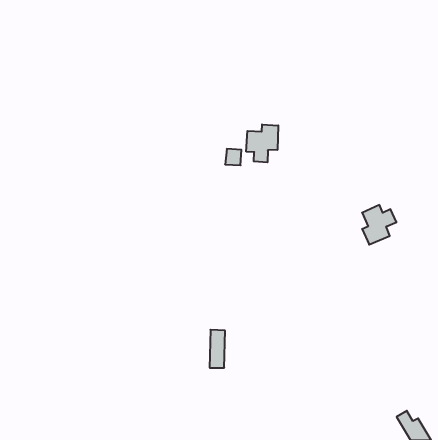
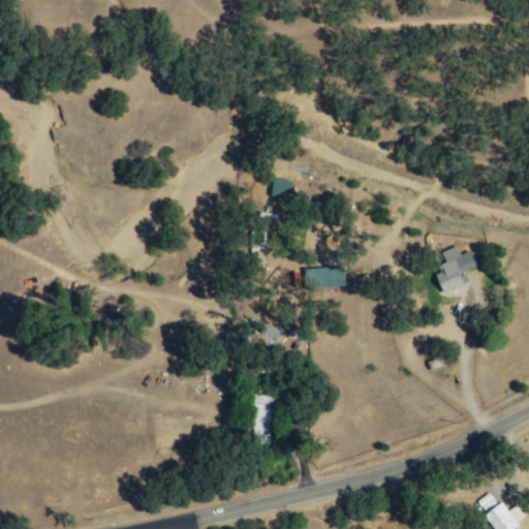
building: [246,124,278,162] -> none
building: none -> [307,268,346,287]

